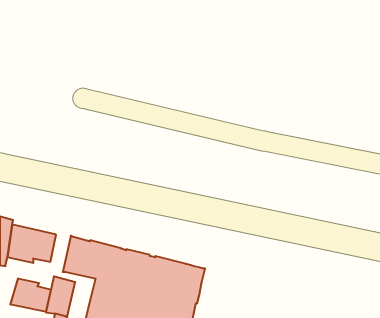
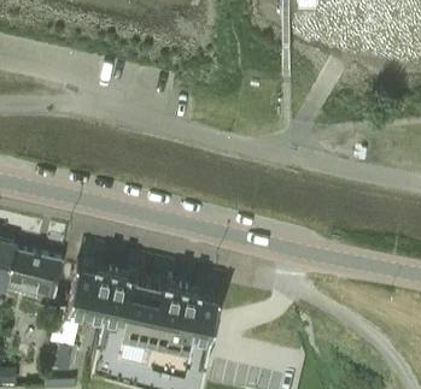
building: [10,278,51,312] -> none

